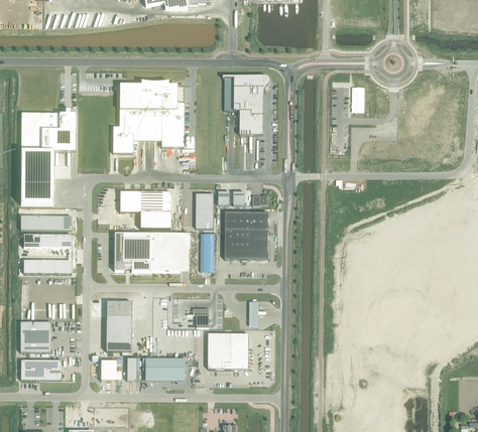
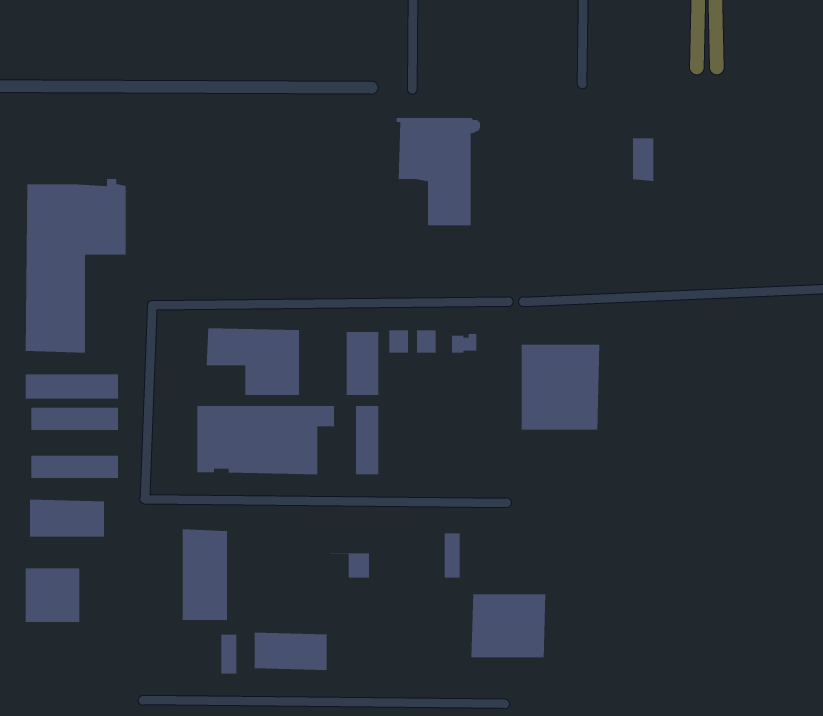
building: [113,80,184,152] -> none
building: [225,211,268,259] -> [521,344,600,431]
building: [208,333,249,369] -> [471,593,546,658]
building: [20,358,62,380] -> [29,499,105,538]
building: [100,359,122,380] -> none

